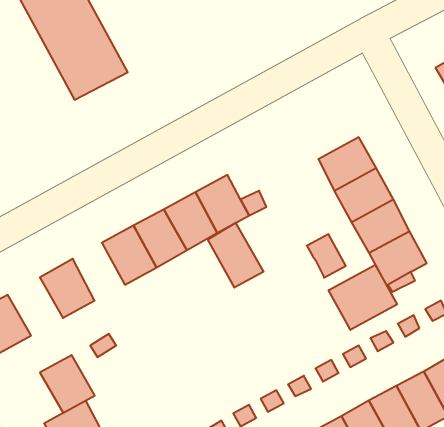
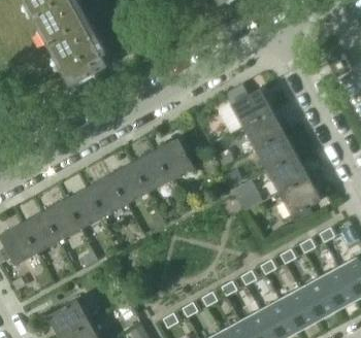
building: none -> [230,89,271,127]
building: [208,223,264,288] -> none
building: none -> [67,187,104,228]
building: [329,265,397,330] -> none
building: [40,355,95,413] -> [21,211,60,252]

